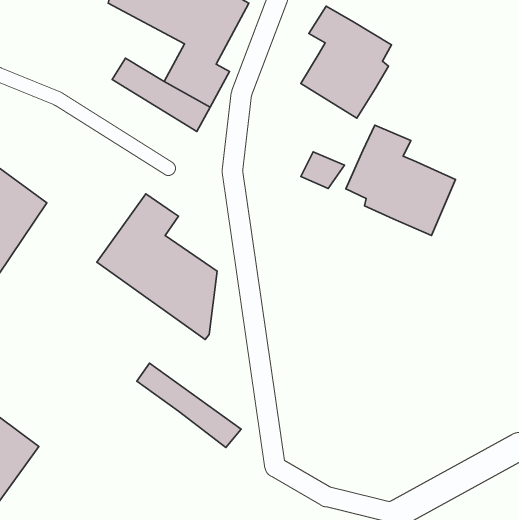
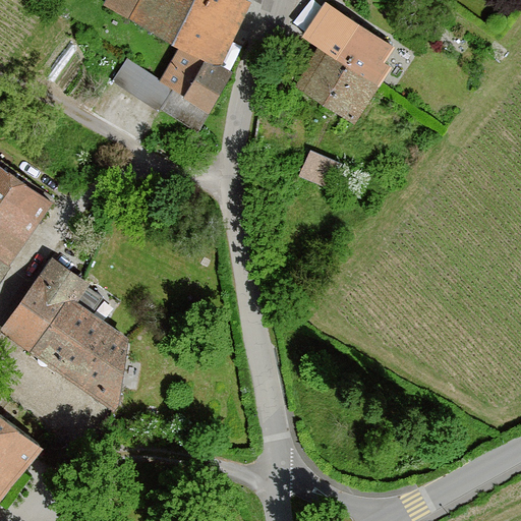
building: [346,125,456,235] -> none
building: [97,194,217,340] -> [5,260,125,406]
building: [137,363,241,448] -> none

